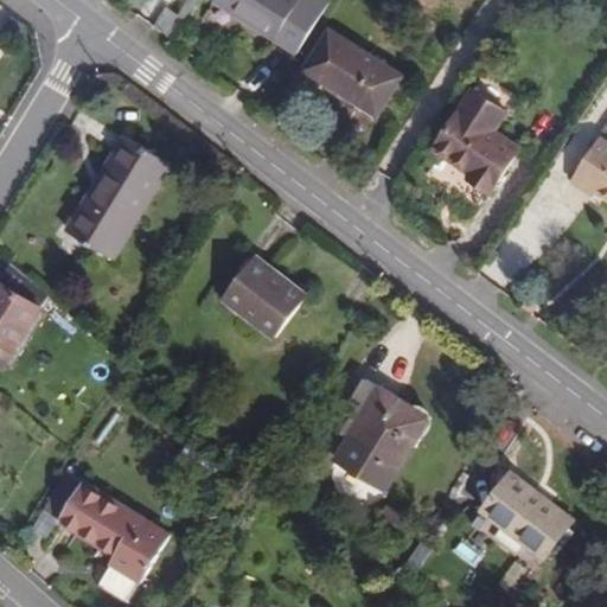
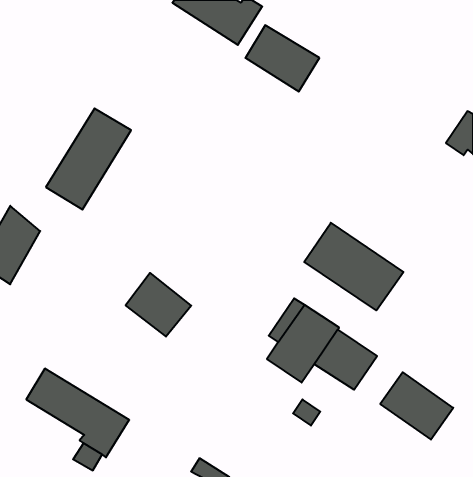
building: [445,92,537,197] -> none
building: [221,257,304,338] -> [126,273,191,337]
building: none -> [304,223,403,310]
building: none -> [314,330,377,390]

